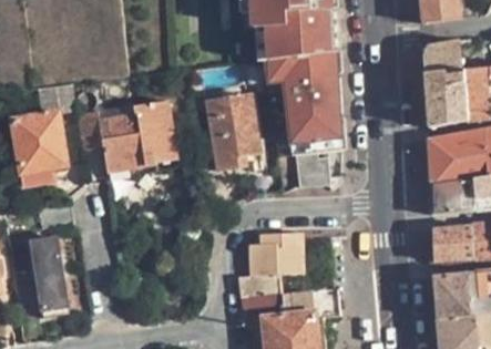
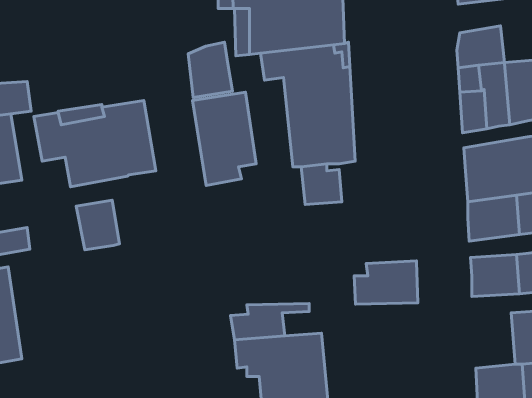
building: none -> [188,42,232,97]
building: none -> [76,200,120,250]
building: [250,233,303,268] -> [354,261,418,304]
building: [434,275,471,320] -> none

